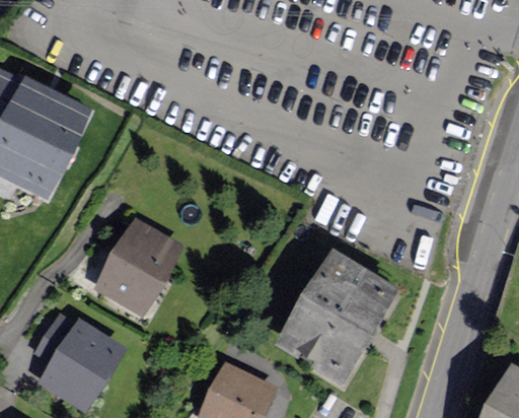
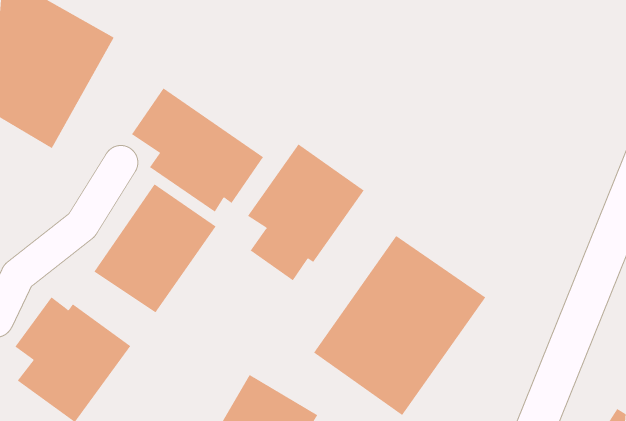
building: none -> [131,88,264,213]
building: none -> [247,143,365,281]

